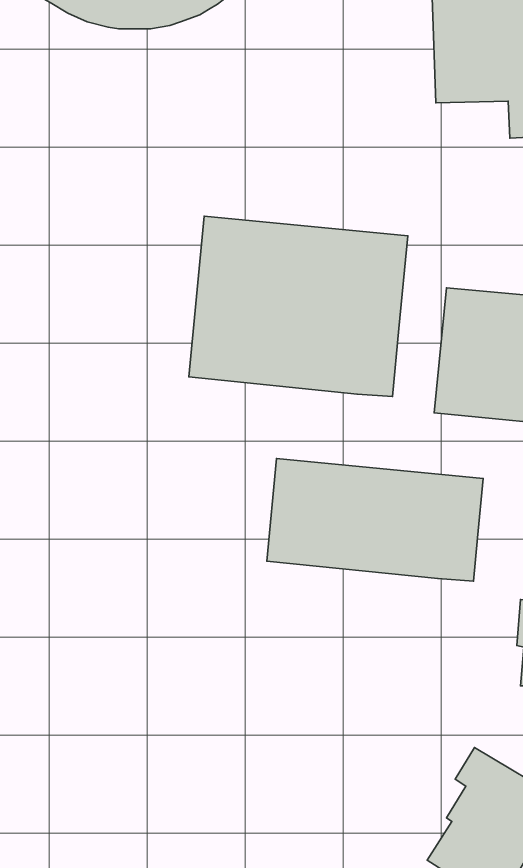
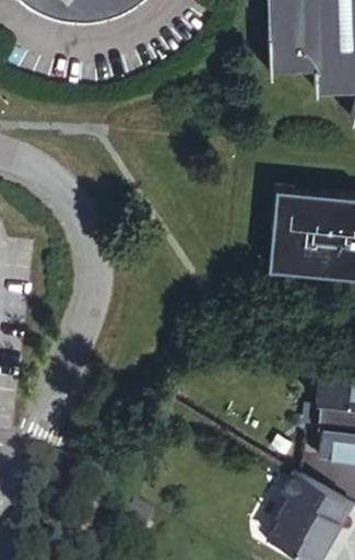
building: [189,216,408,397] -> none
building: [267,459,483,581] -> none

